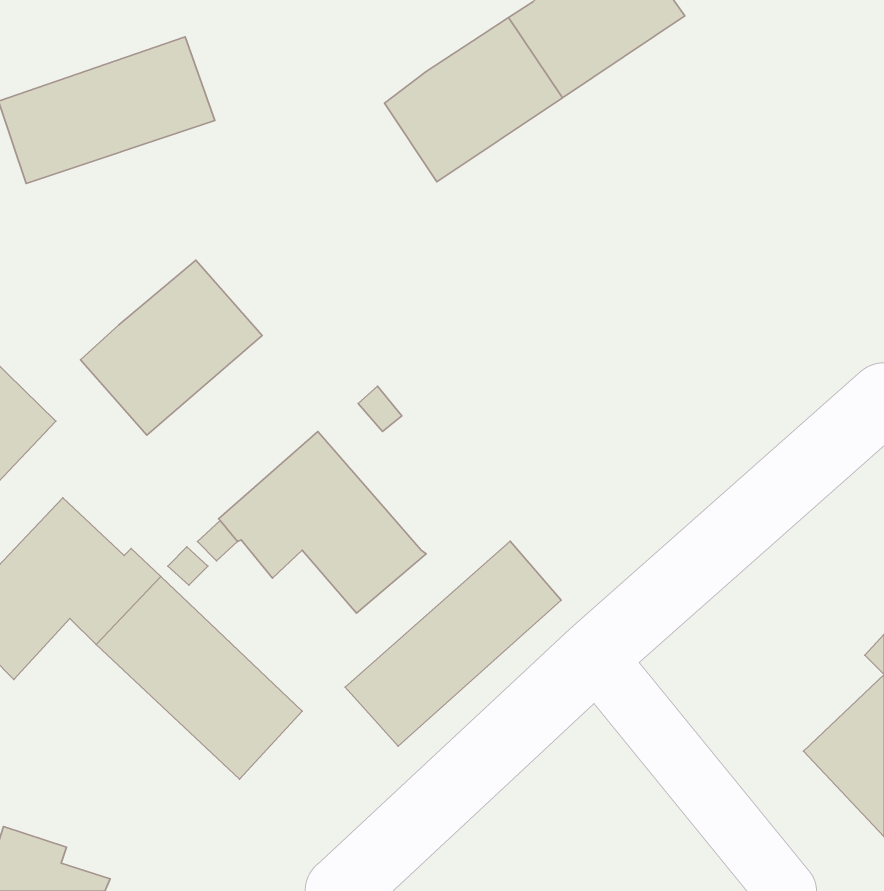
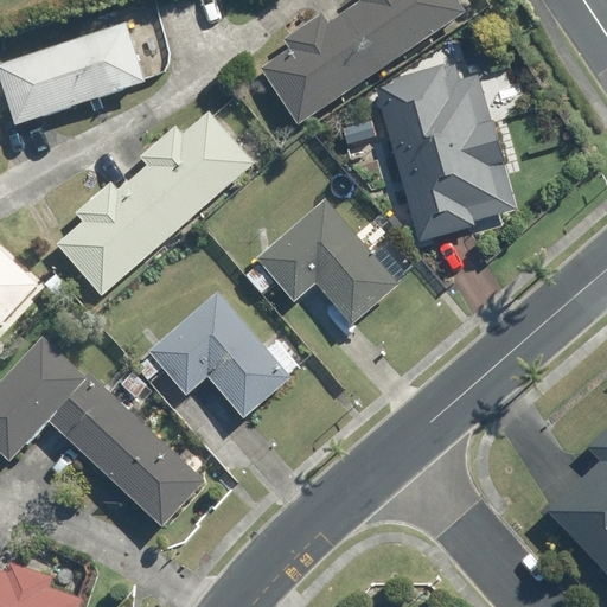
building: none -> [377,68,515,235]
building: none -> [133,111,253,228]
building: none -> [257,199,395,322]
building: [345,541,561,746] -> none

